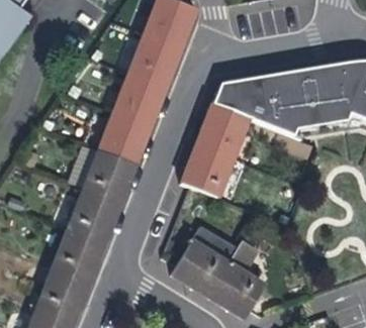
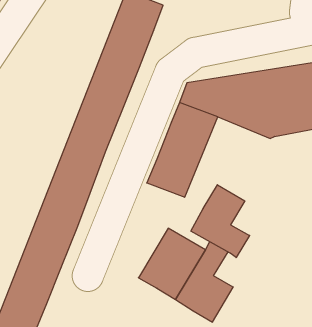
building: none -> [191,185,250,258]

